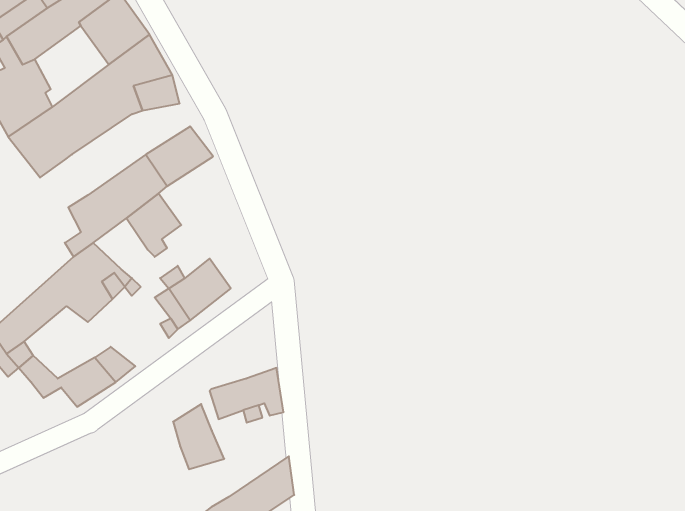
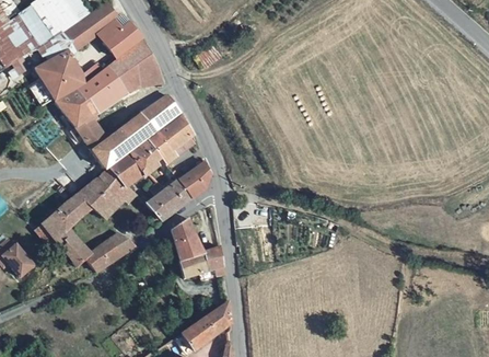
building: none -> [74,114,104,148]
building: none -> [148,115,193,164]
building: none -> [107,153,141,185]
building: none -> [179,161,211,197]
building: [173,404,224,469] -> [171,219,202,260]

